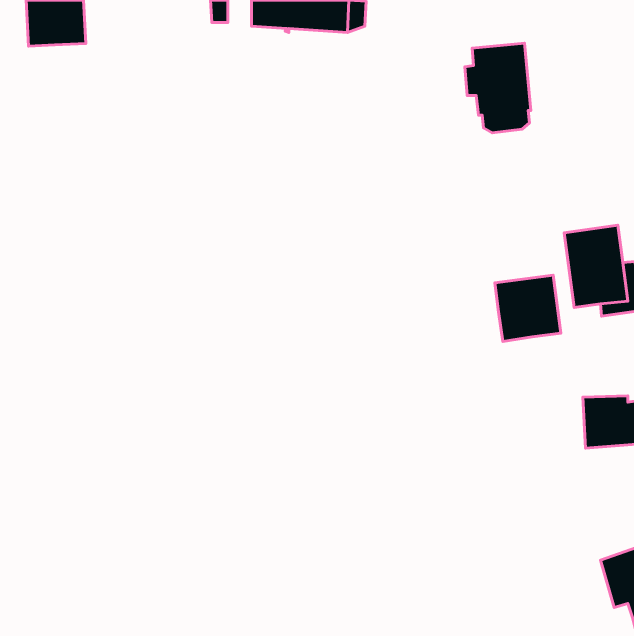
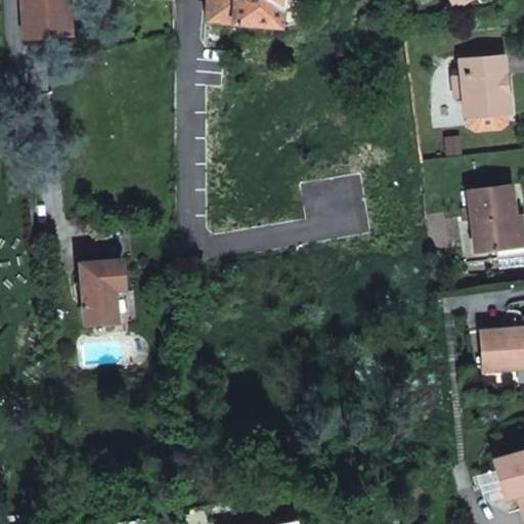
building: [465,43,531,133] -> [456,54,511,128]
building: [495,275,561,342] -> none
building: none -> [78,258,122,323]

